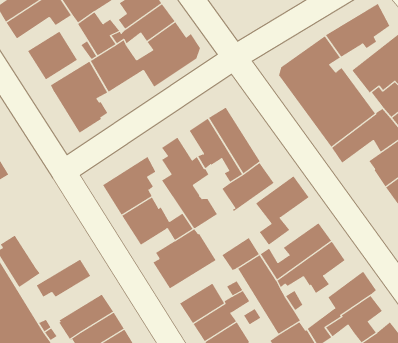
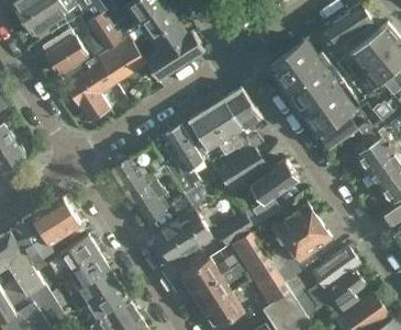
building: none -> [223,88,261,149]
building: none -> [31,195,82,246]
building: none -> [65,252,110,293]

